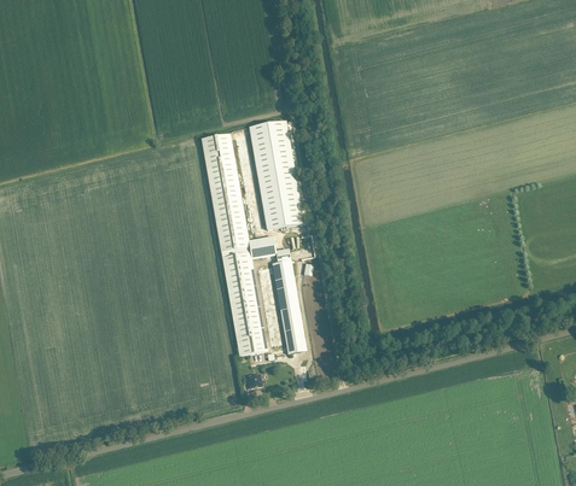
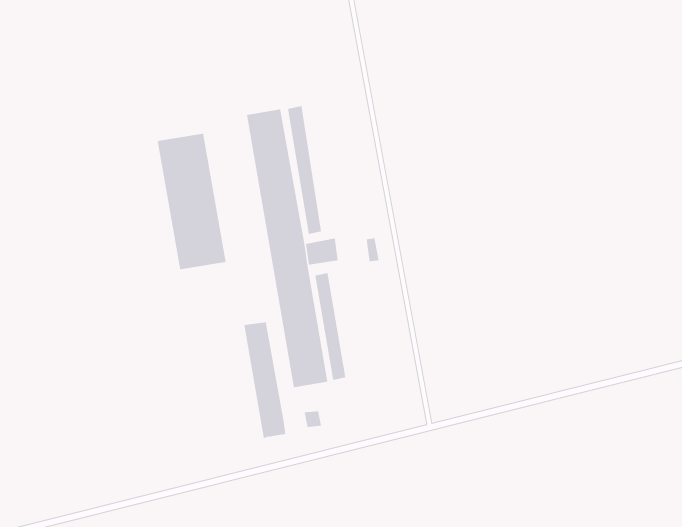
building: [249,121,304,229] -> [157,133,227,270]
building: [273,260,307,353] -> [244,322,286,439]

